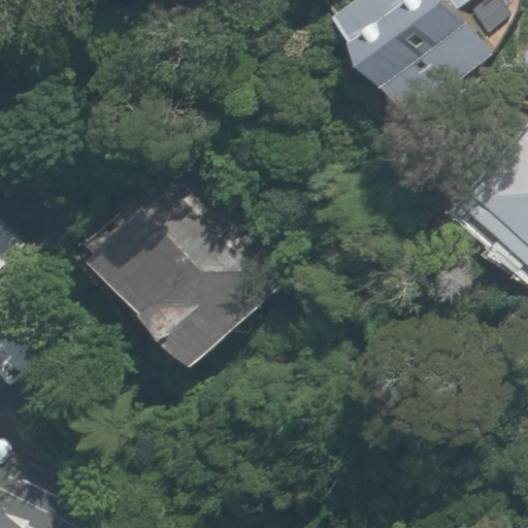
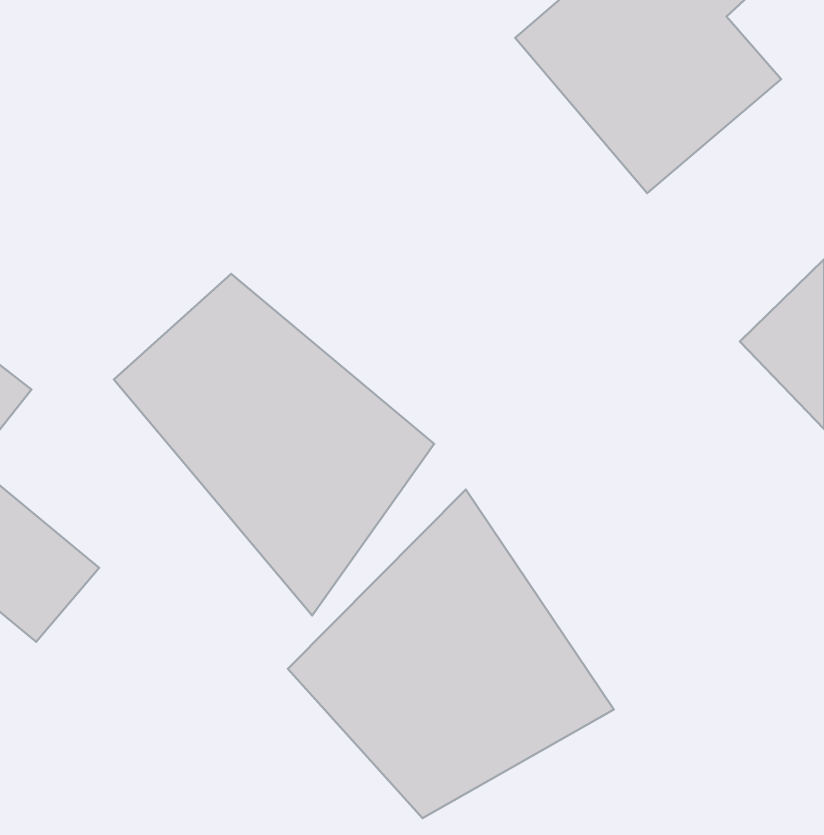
building: none -> [288,490,614,818]

